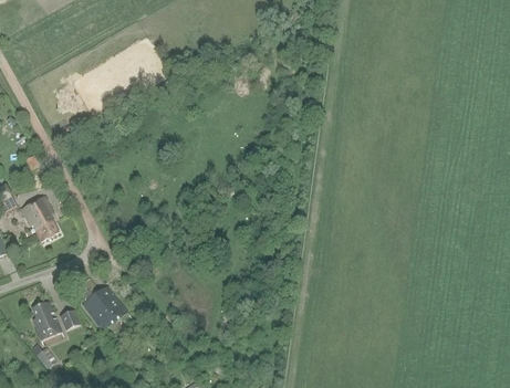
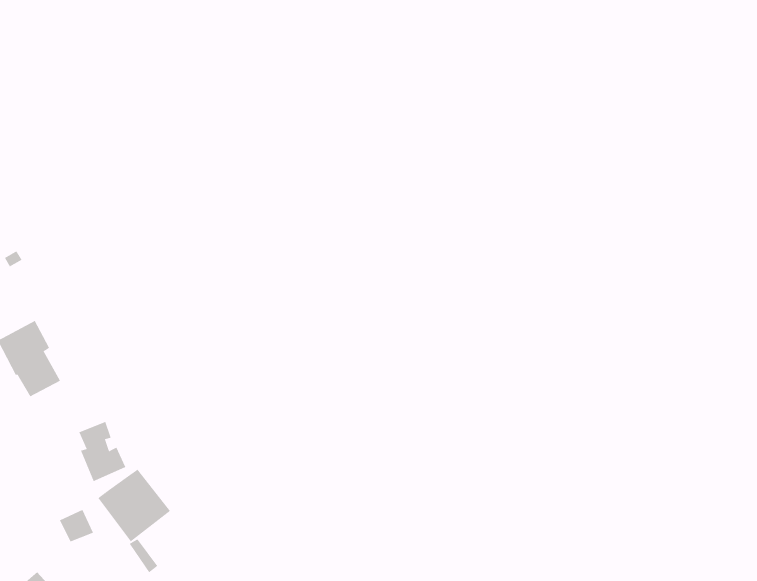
building: [31,302,60,338] -> [78,421,126,482]

